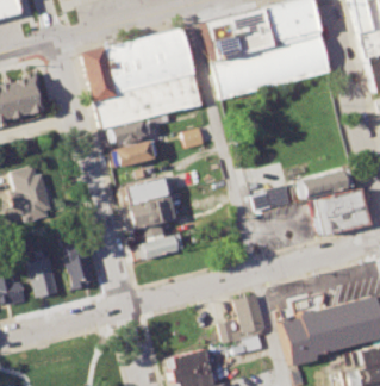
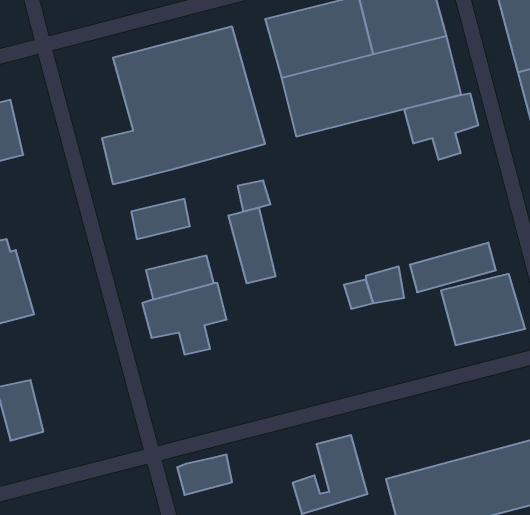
building: [81,46,117,102] -> none
building: none -> [404,93,478,160]
building: [110,122,147,144] -> none
building: none -> [228,207,276,283]
building: [144,236,180,262] -> [177,455,232,495]
building: [64,243,96,291] -> none

